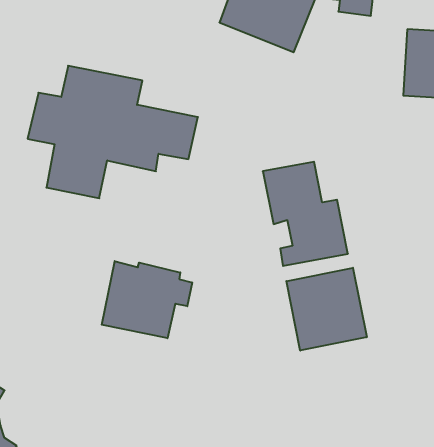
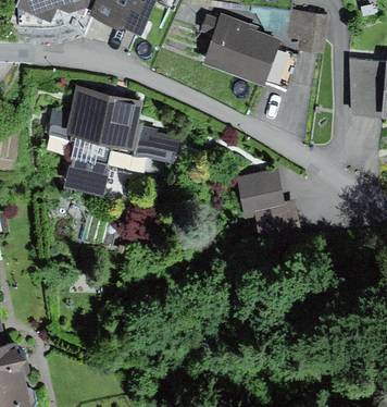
building: [102,261,192,338] -> none
building: [286,268,367,351] -> none

